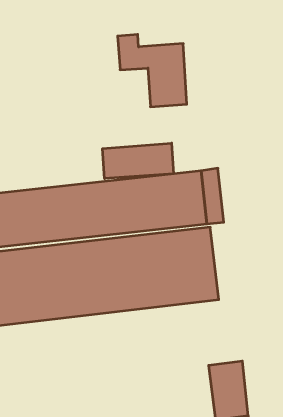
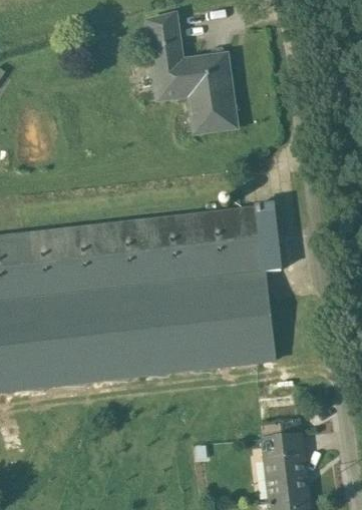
building: none -> [152,18,178,46]
building: [103,143,174,179] -> none

